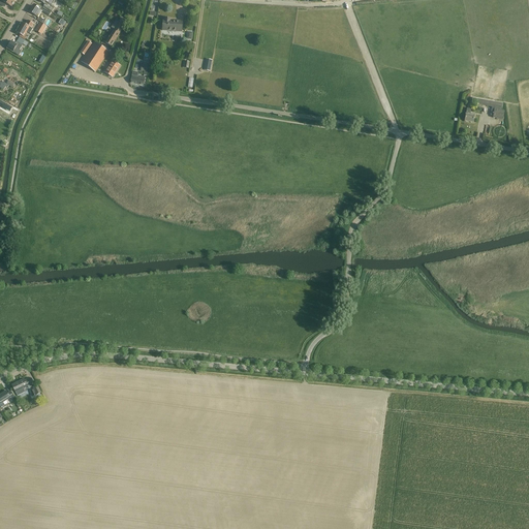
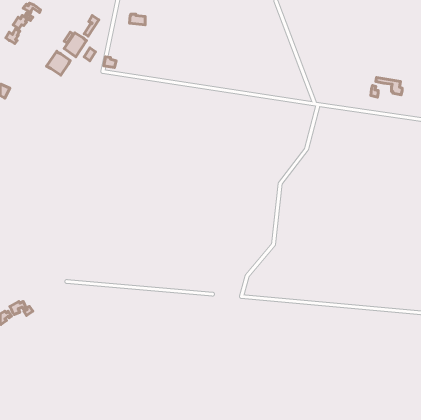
building: none -> [46,51,70,75]

